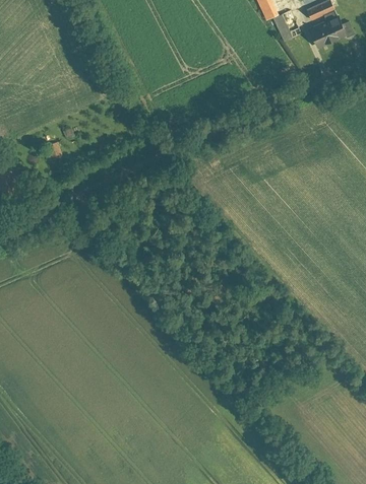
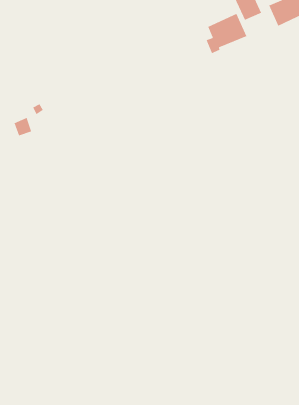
building: none -> [205,13,247,54]

